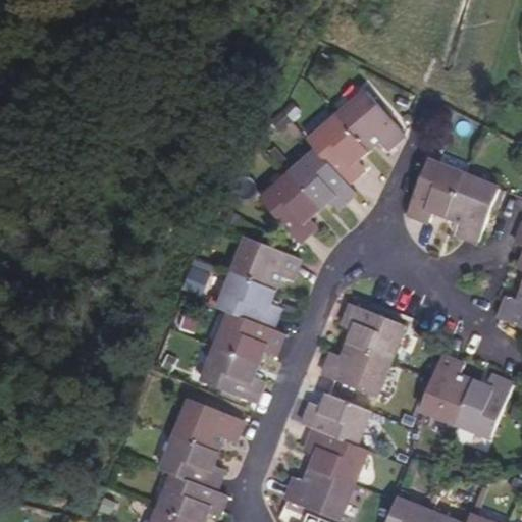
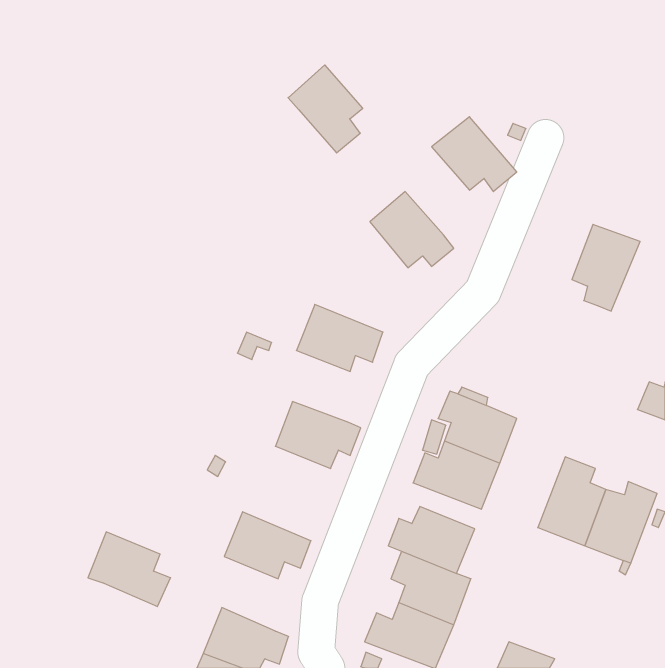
building: [307,114,365,182] -> [288,65,363,153]
building: [405,159,461,222] -> none
building: [258,172,317,242] -> none
building: [216,272,278,328] -> none
building: [200,347,262,404] -> none
building: [160,432,224,490] -> [88,532,171,607]

